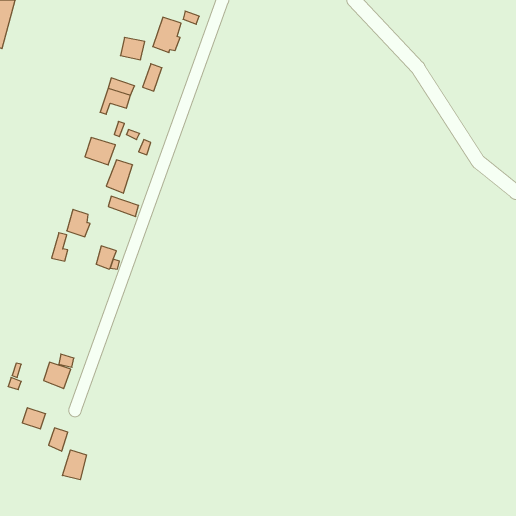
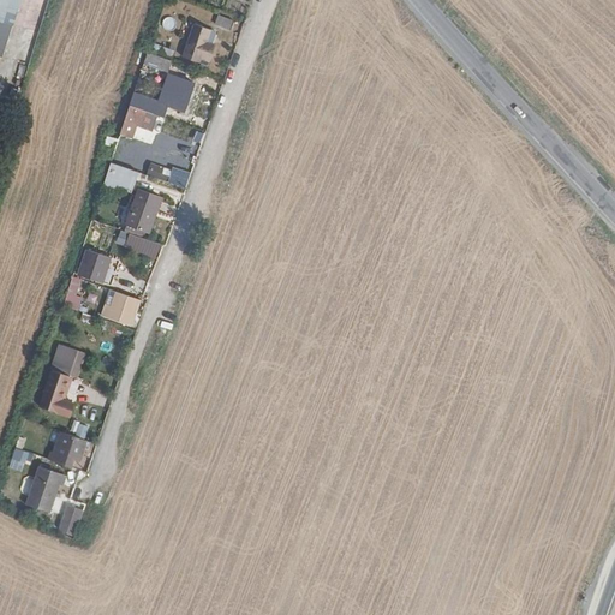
building: none -> [40,345,84,417]
building: none -> [32,466,65,492]
building: [62,450,86,480] -> none

